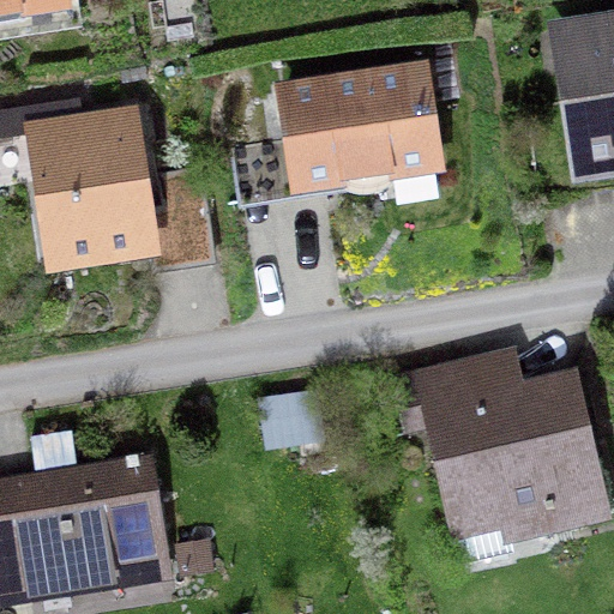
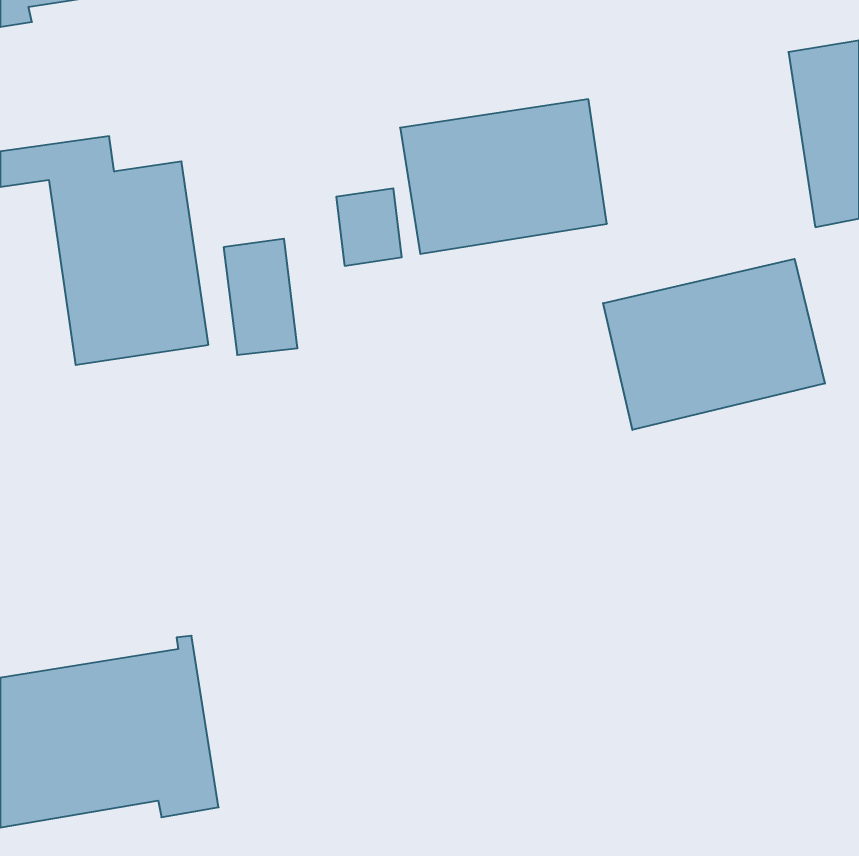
building: none -> [603,259,825,430]
building: [396,362,606,558] -> none

